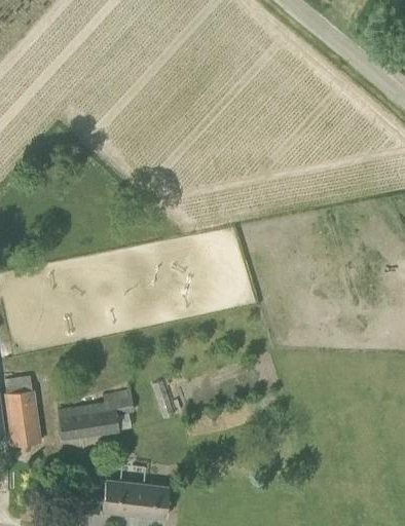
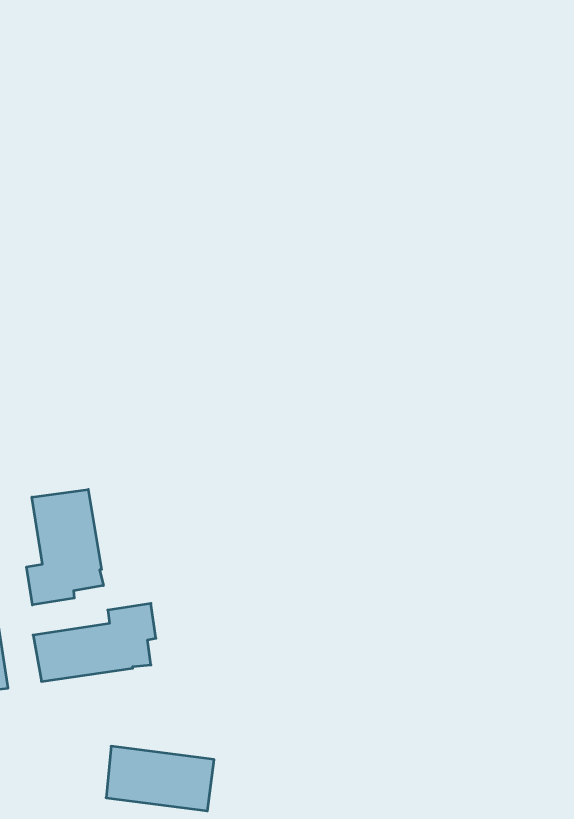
building: none -> [27,489,103,605]

